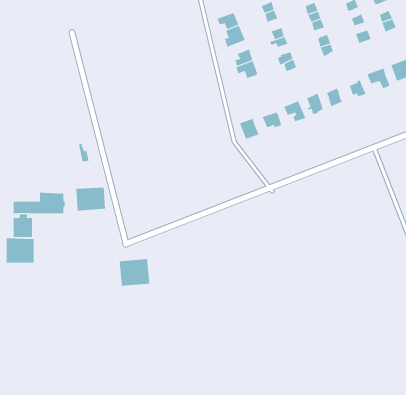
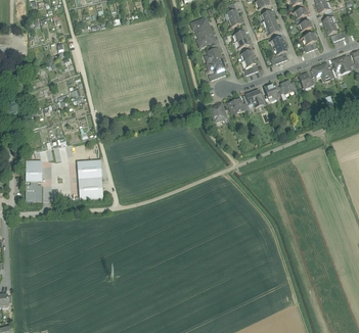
building: [6,237,34,264] -> none
building: [119,259,150,286] -> [78,177,103,199]

